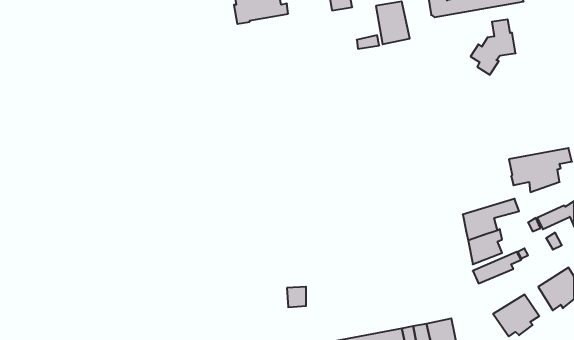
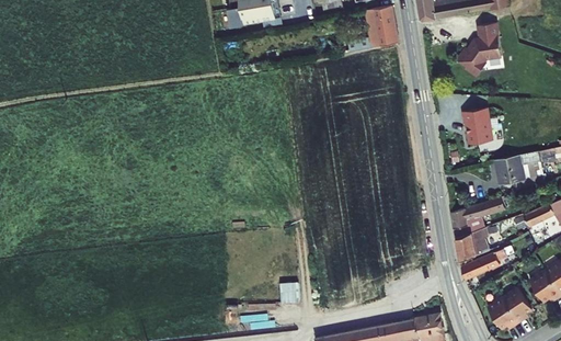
building: none -> [462,107,492,144]

